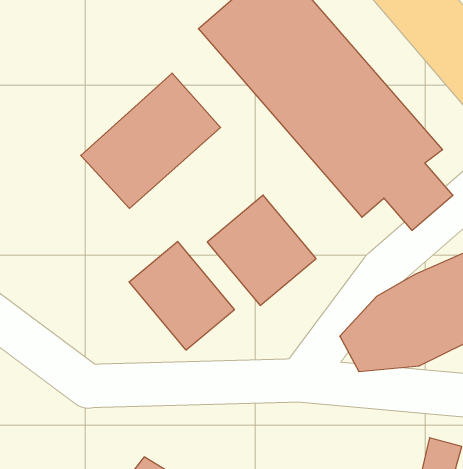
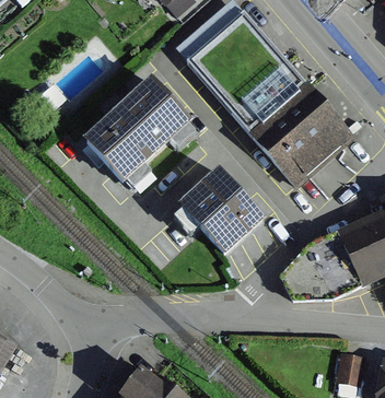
building: [129,241,234,350] -> none

